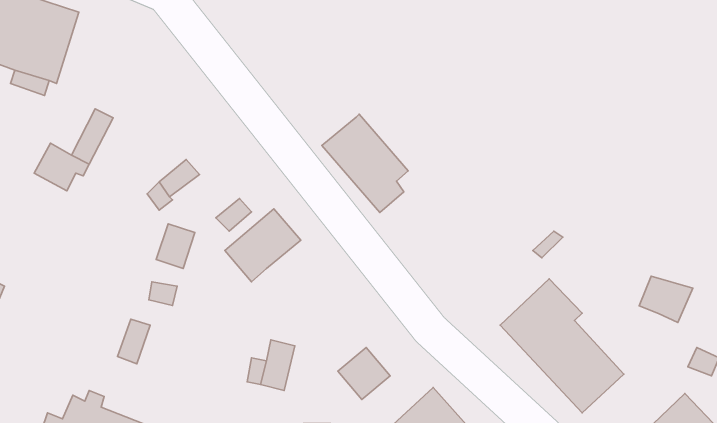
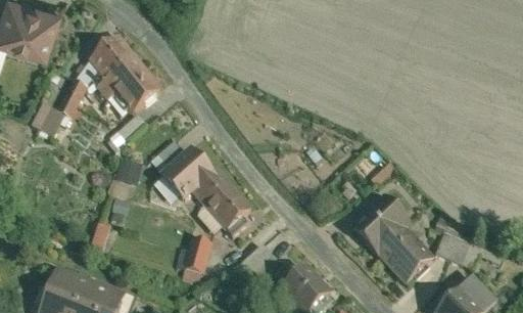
building: none -> [86,34,158,109]
building: [322,114,408,213] -> [191,164,250,231]
building: [639,276,693,322] -> [434,230,471,262]

